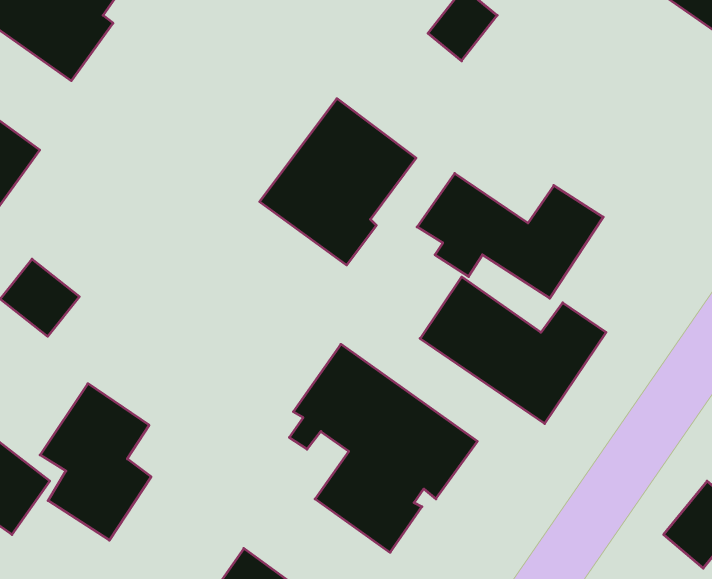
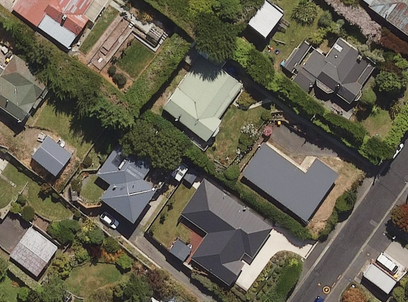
building: [417,173,603,298] -> [281,42,375,105]
building: [40,384,151,540] -> [98,141,154,220]

